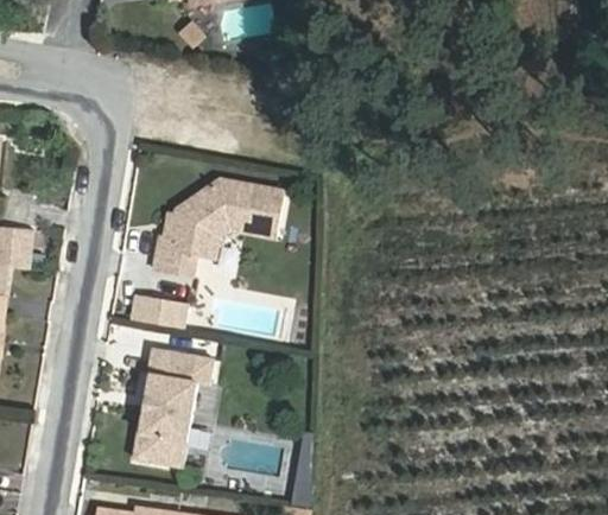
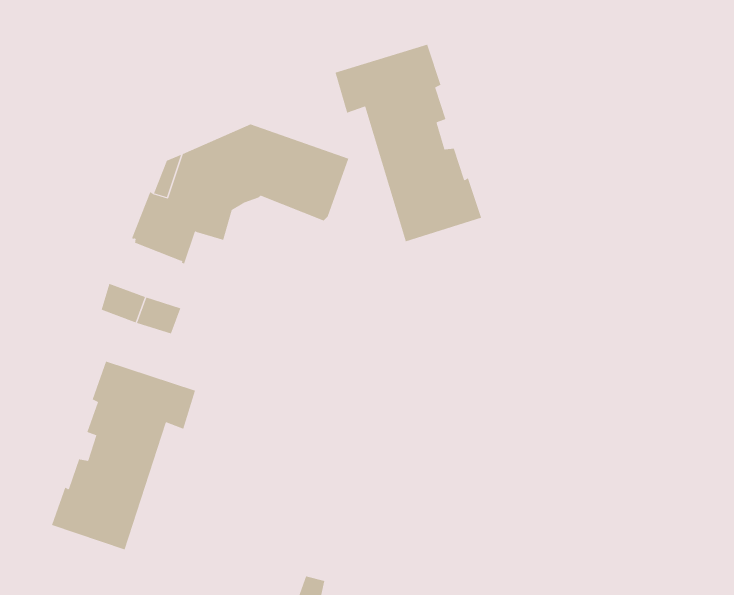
building: none -> [335,44,482,242]

